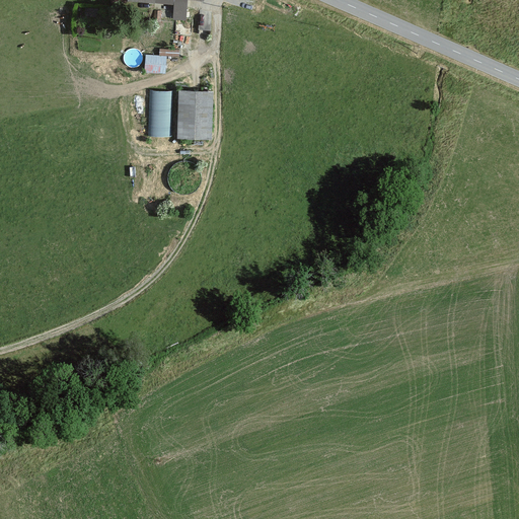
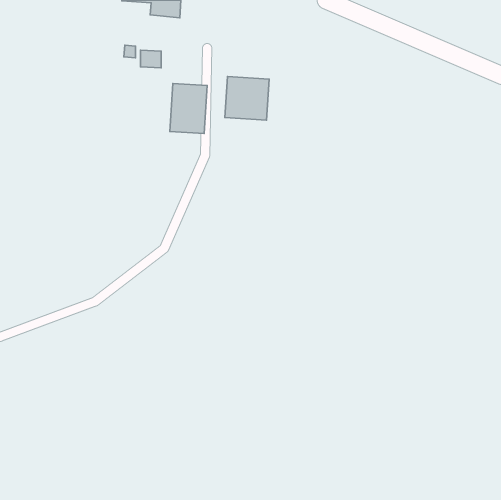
building: none -> [225,76,269,120]
building: [146,91,171,137] -> none

